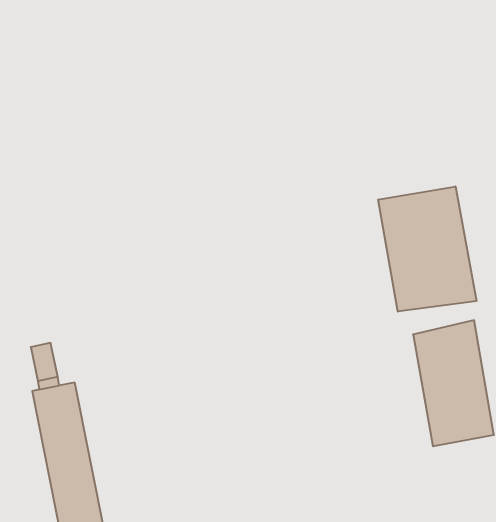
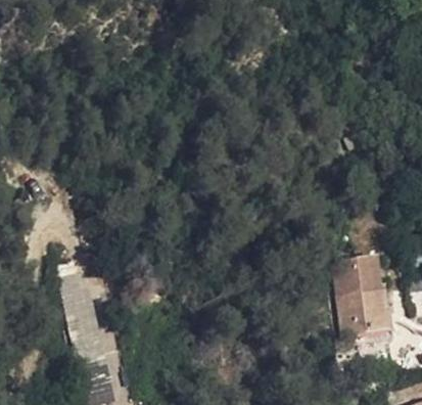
building: [378,186,476,312] -> none

